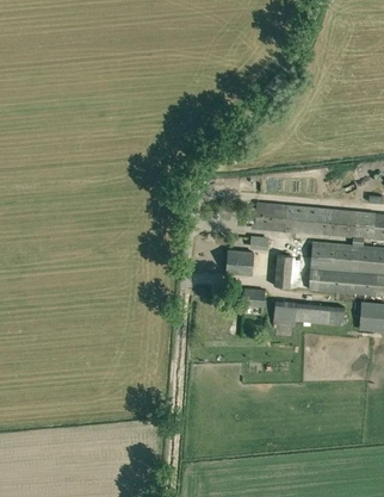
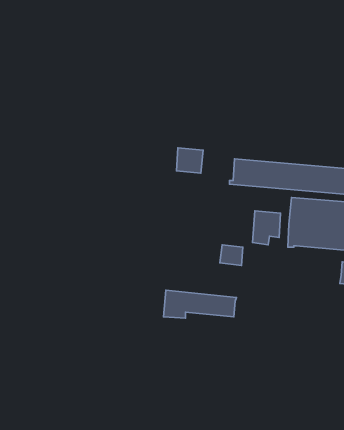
building: [227,249,253,274] -> [176,148,203,173]
building: [273,299,345,327] -> [164,290,236,318]

